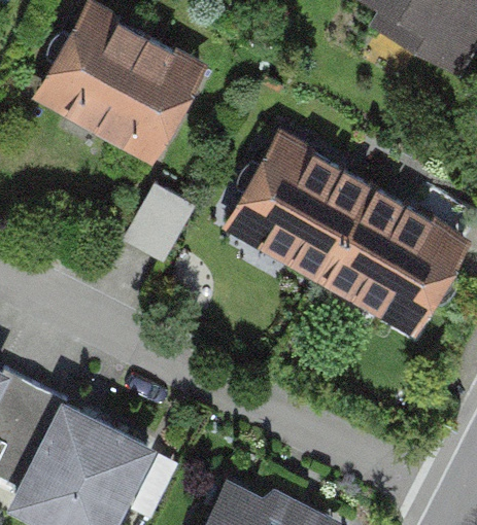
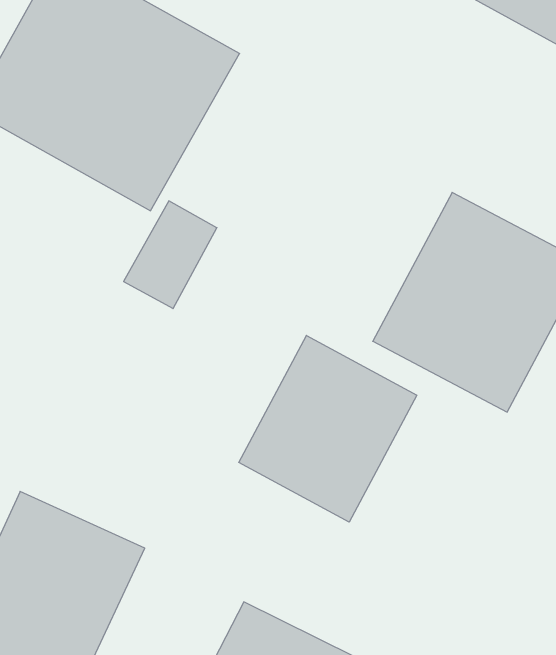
building: [220,127,375,286] -> none
building: none -> [239,335,417,522]

